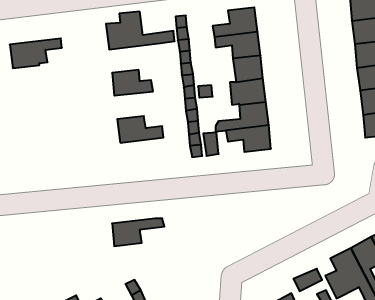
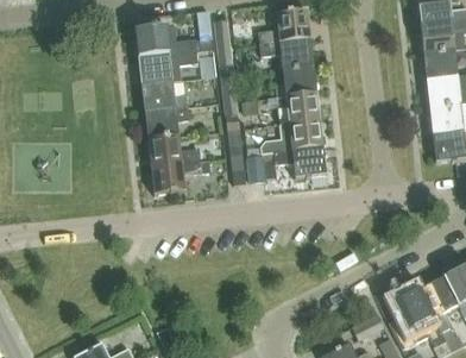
building: [10,38,62,68] -> [138,51,199,86]
building: none -> [144,107,190,139]
building: [112,218,164,246] -> [151,161,212,193]

